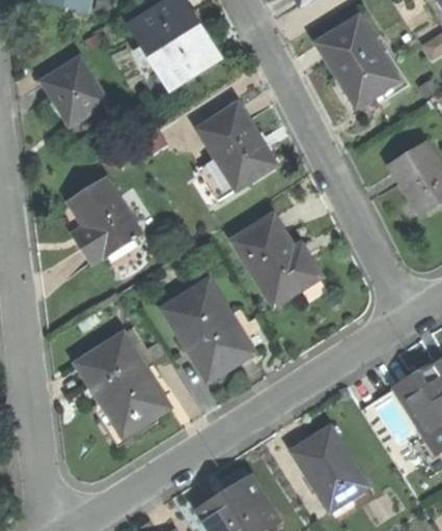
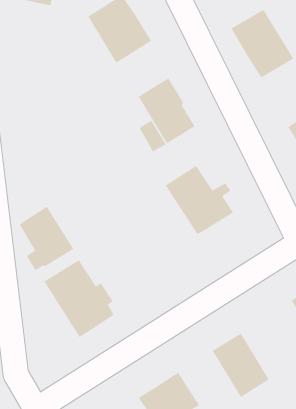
building: [43,56,106,122] -> none
building: [70,178,140,261] -> [19,206,74,271]
building: [163,281,269,382] -> none

